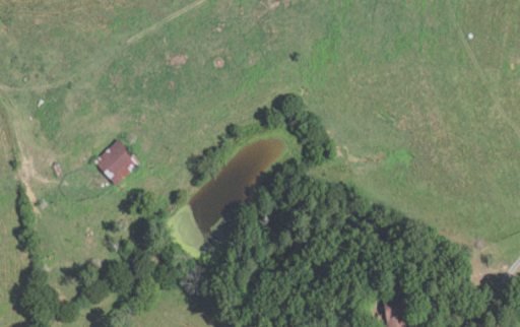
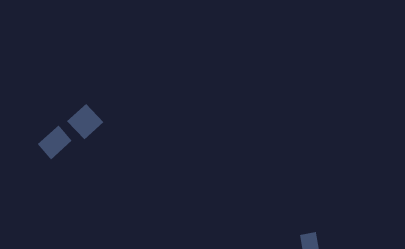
building: none -> [37,124,73,160]

